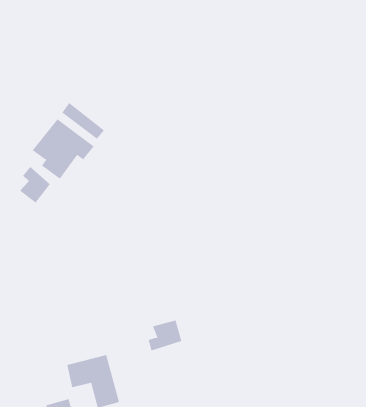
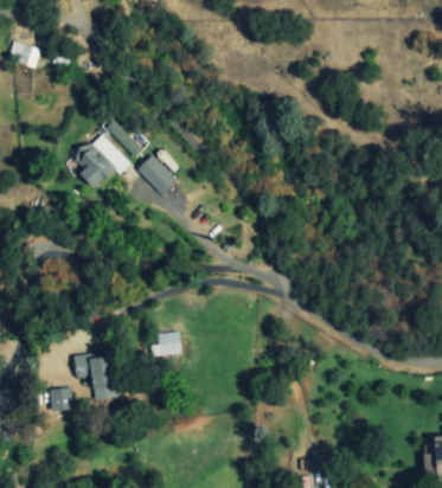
building: none -> [136,155,177,195]
building: [19,166,51,203] -> none

